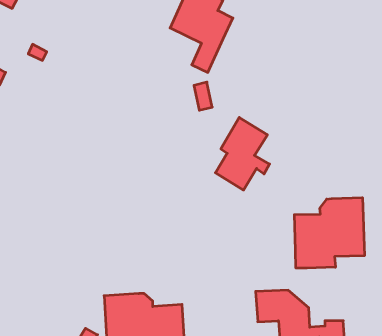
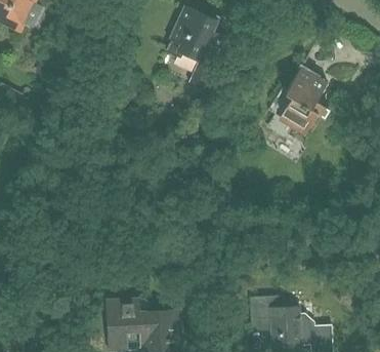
building: [215,117,270,190] -> [279,65,330,133]
building: [294,198,364,268] -> none

